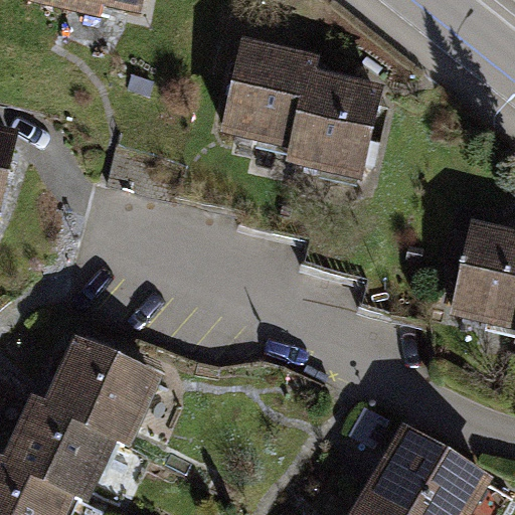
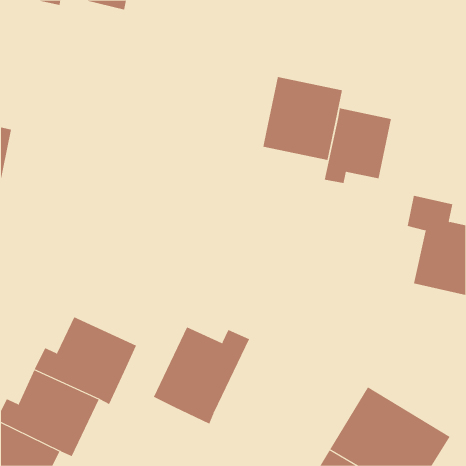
building: [223,53,310,146] -> none
building: none -> [324,107,392,184]
building: none -> [153,326,250,424]

